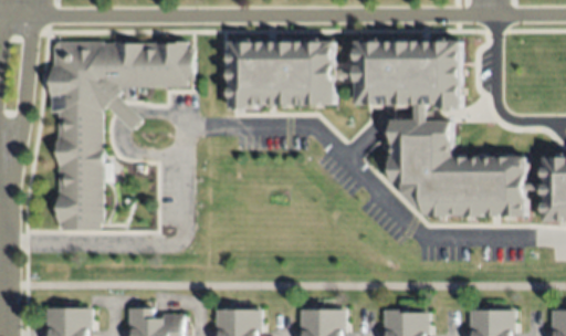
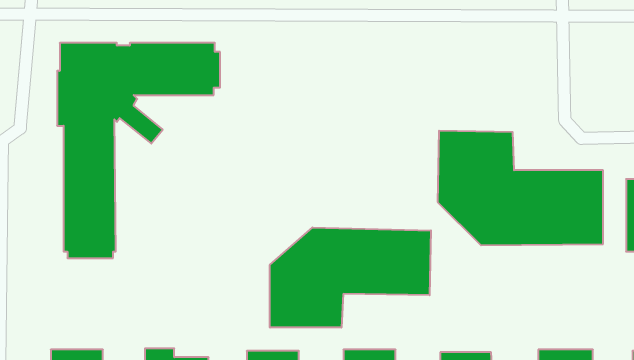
building: [357,41,462,111] -> none
building: [231,42,334,112] -> none
building: none -> [270,227,431,328]

